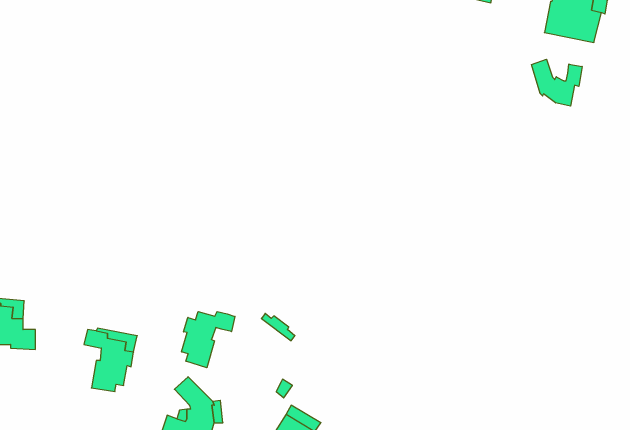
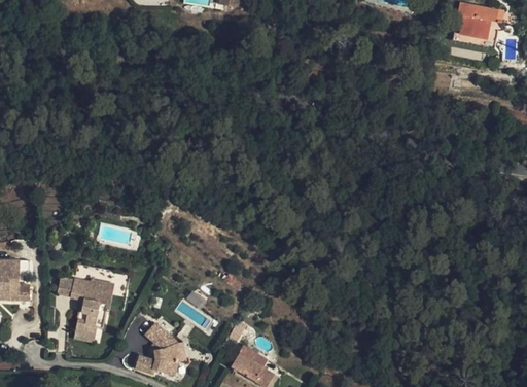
building: [532,59,582,106] -> none
building: [182,312,235,368] -> none

